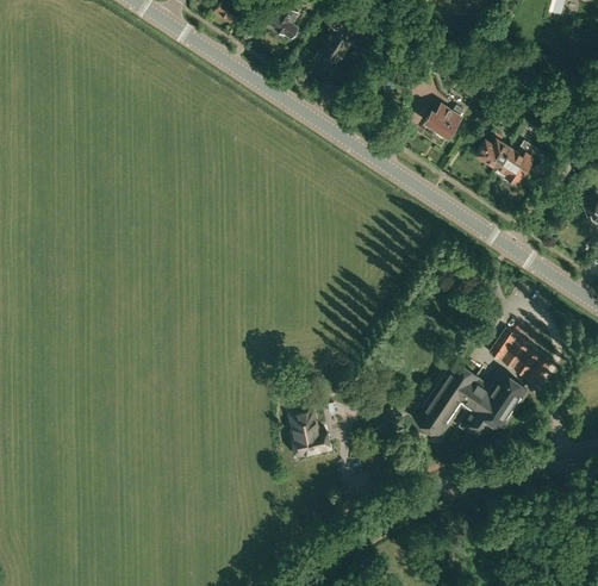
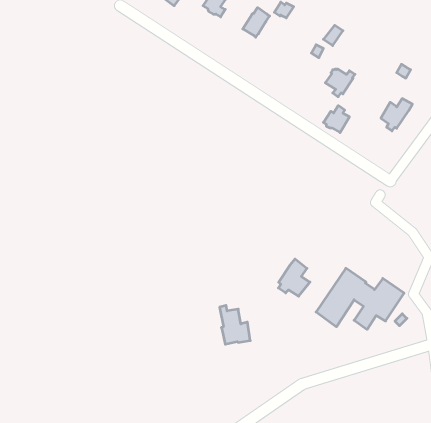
building: [476,133,510,168] -> [323,106,349,133]
building: [490,329,553,386] -> none
building: none -> [278,259,310,296]

